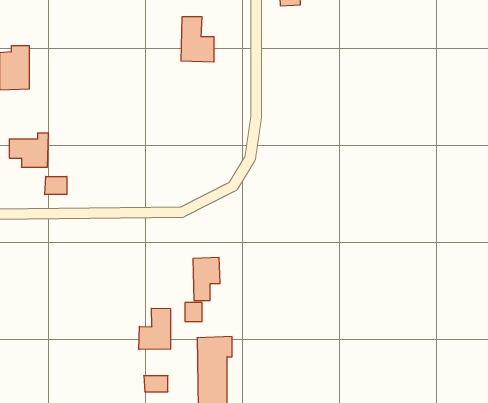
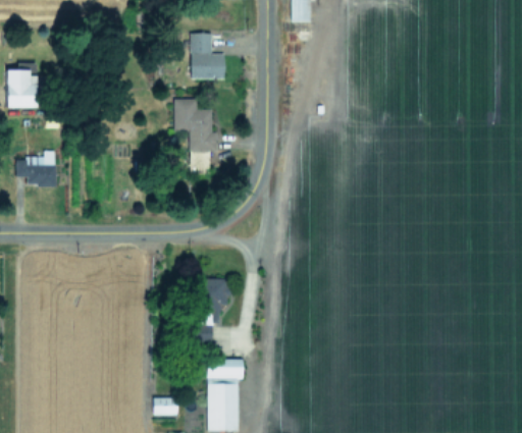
building: none -> [174,99,218,174]
building: [45,176,67,195] -> none
building: [139,308,170,350] -> none

